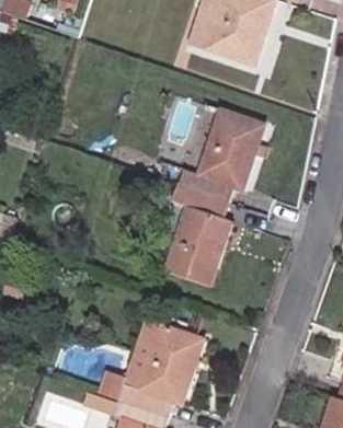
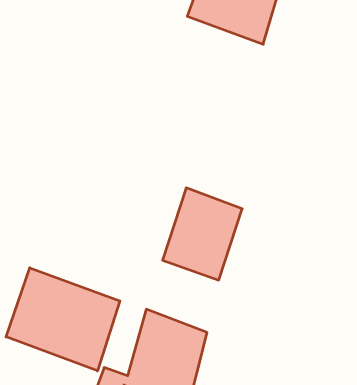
building: [179,107,270,201] -> none
building: none -> [6,268,120,371]

